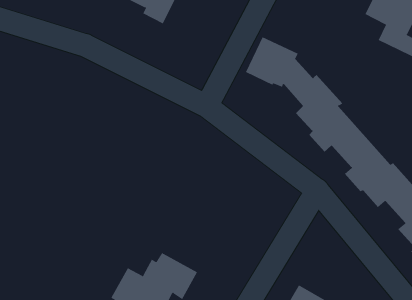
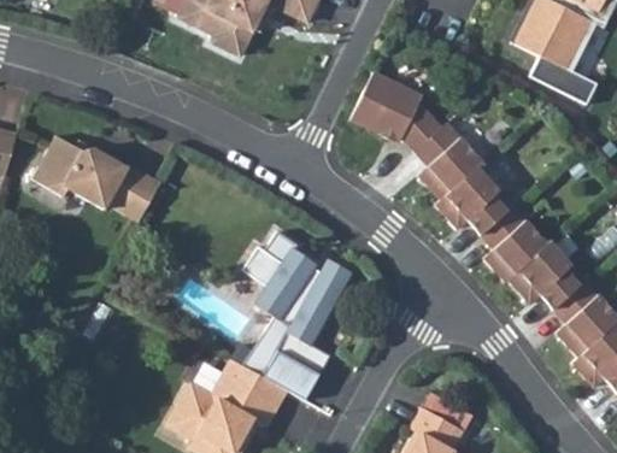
building: none -> [33,136,161,222]
building: none -> [241,231,352,400]

